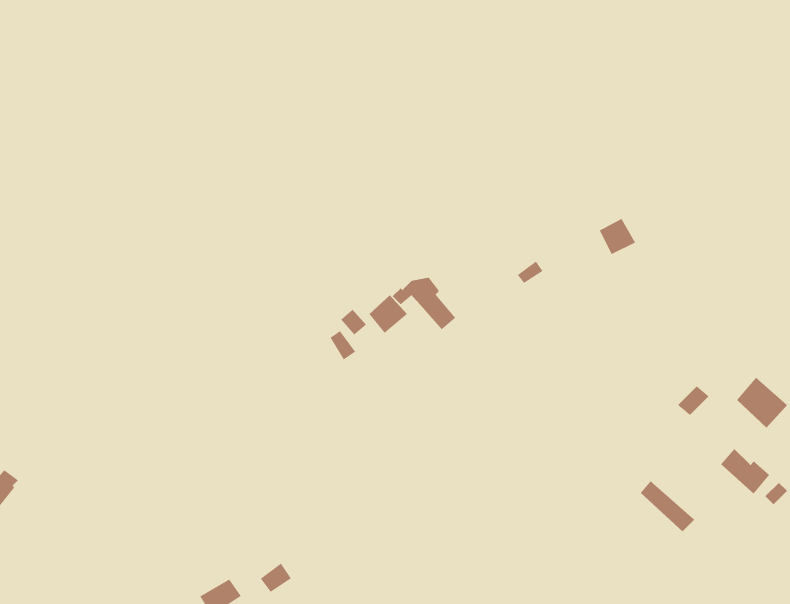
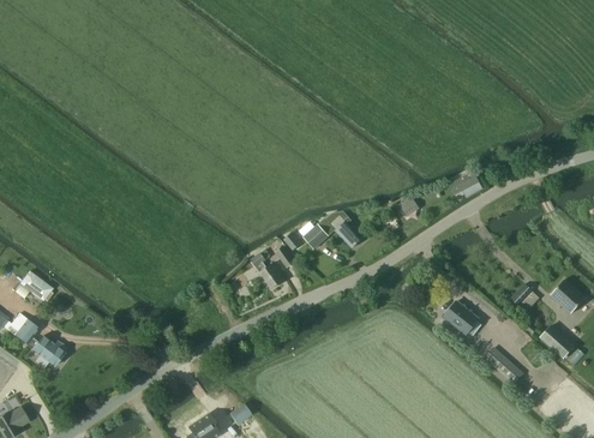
building: none -> [251,250,283,289]
building: none -> [443,301,478,334]

